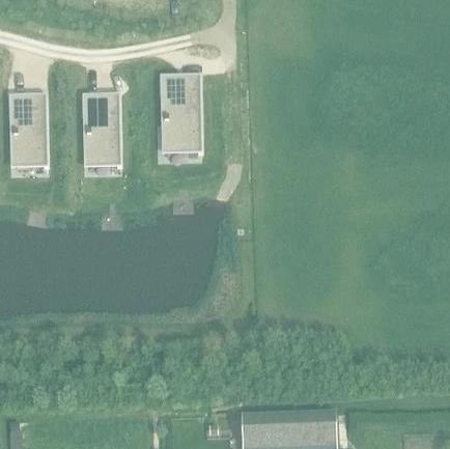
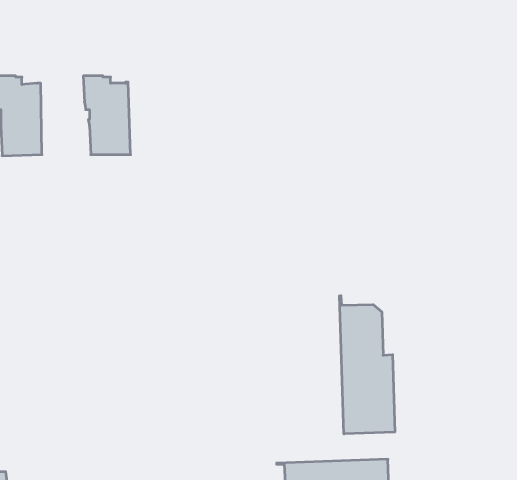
building: [159,76,201,148] -> none
building: none -> [339,296,395,434]

